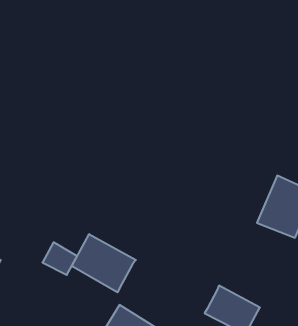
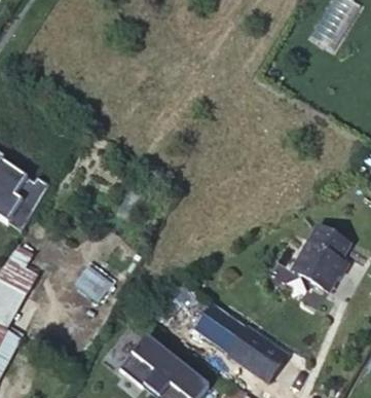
building: [72,234,136,292] -> none
building: none -> [198,310,245,351]

